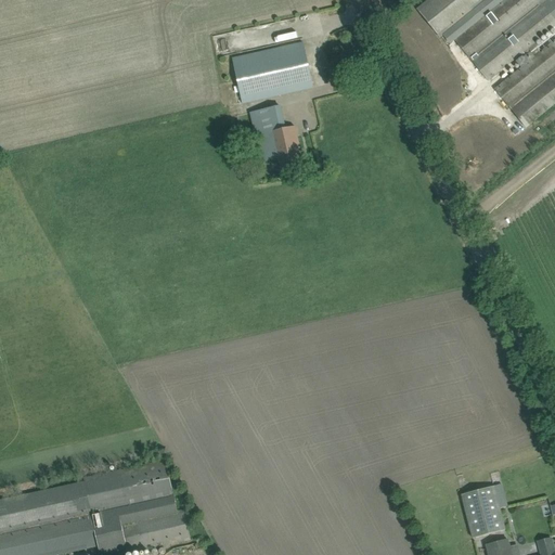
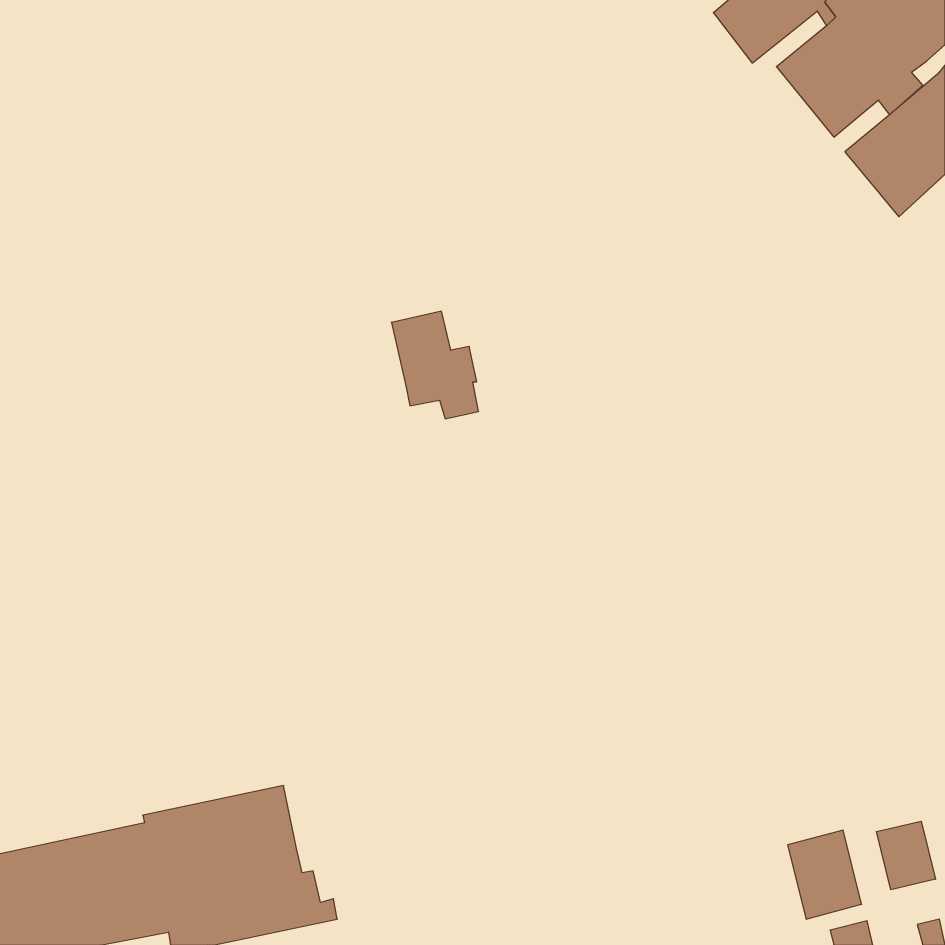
building: [232,42,312,102] -> none
building: [249,105,300,168] -> [391,311,479,419]
building: none -> [876,821,936,890]

